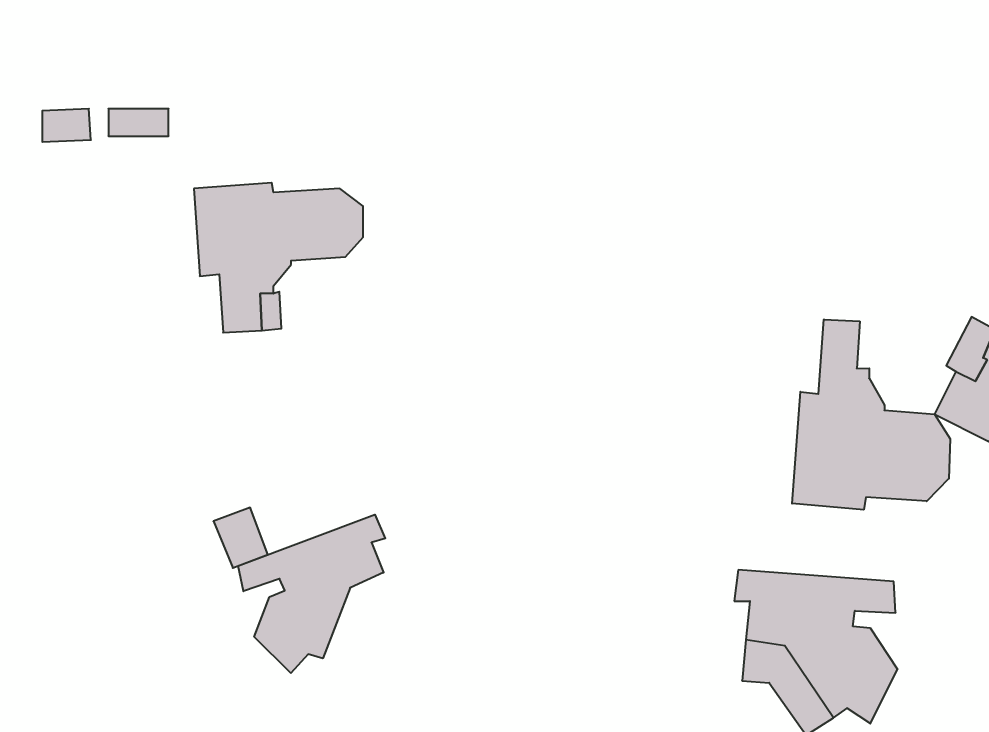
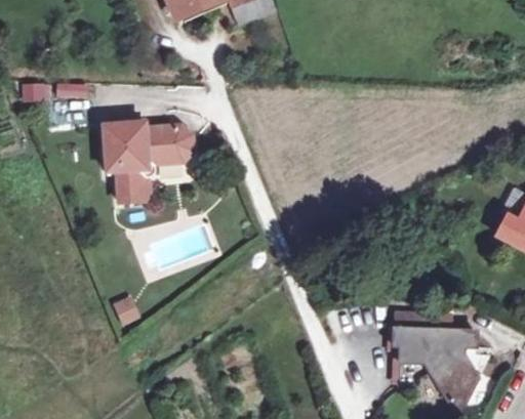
building: [792,319,950,510] -> none
building: [238,515,385,673] -> none

